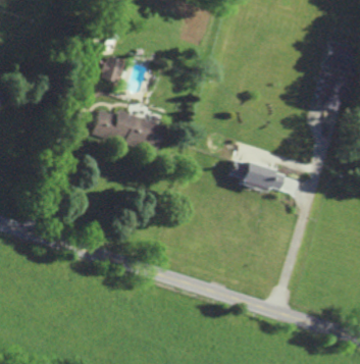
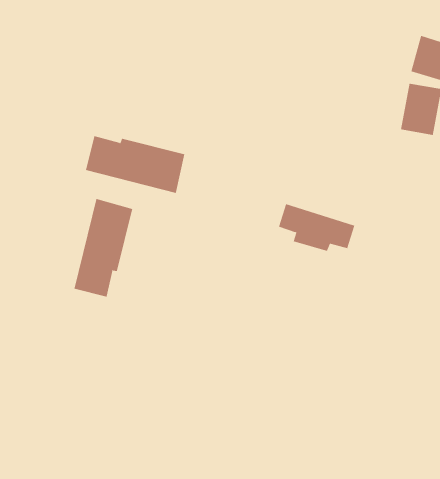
building: [103,55,127,82] -> none
building: none -> [74,198,133,297]

